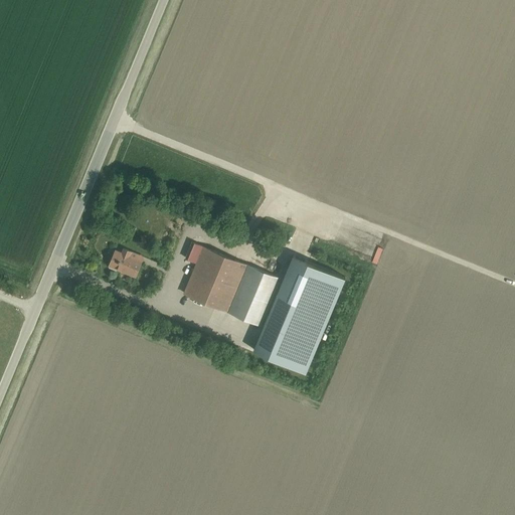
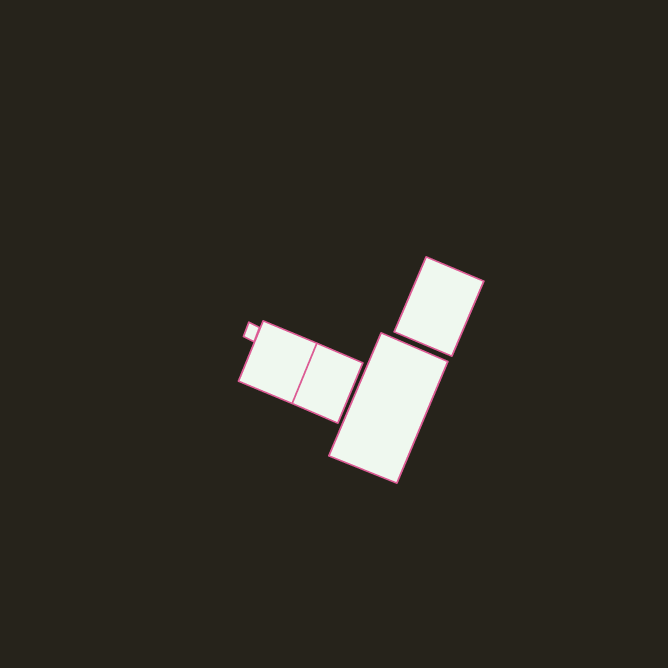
building: none -> [394,257,484,356]
building: [108,249,141,278] -> none

